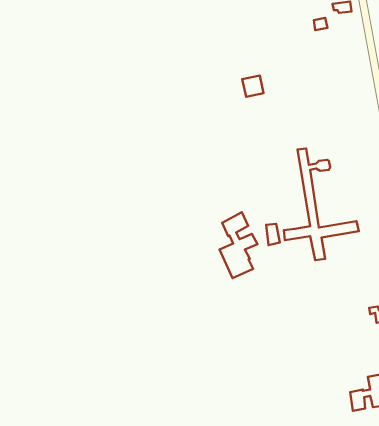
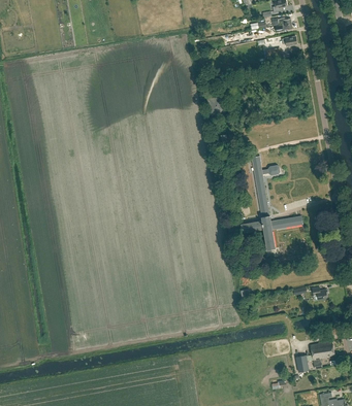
building: [219,212,258,278] -> none

